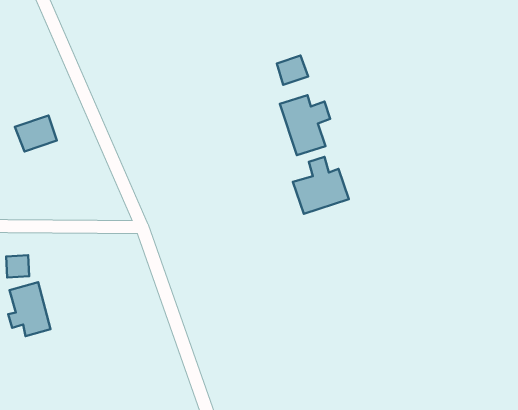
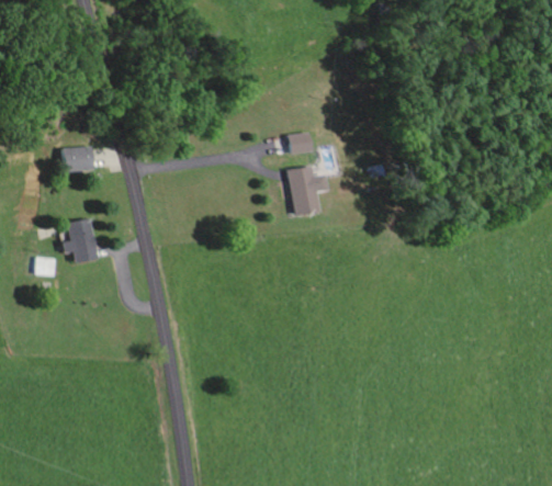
building: [293,157,349,214] -> none
building: [8,282,50,336] -> [61,219,94,262]

